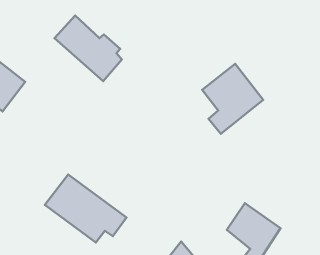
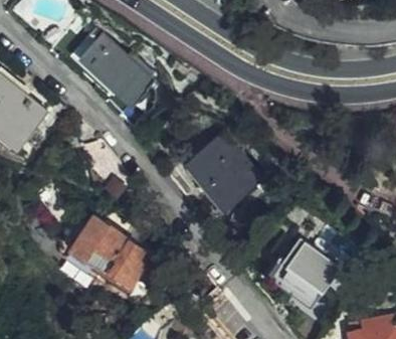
building: [202,64,263,134] -> [192,135,260,213]

